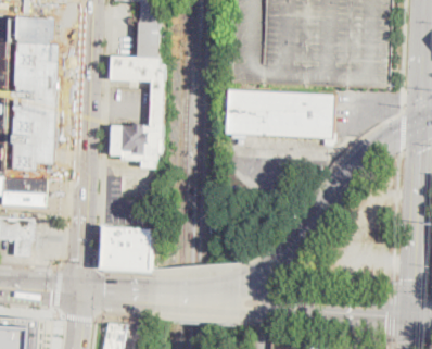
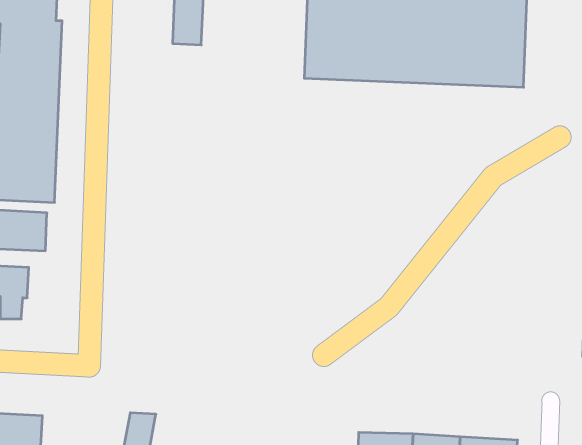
building: [110,57,164,169] -> none
building: [224,89,334,146] -> none
building: [99,226,154,267] -> none

